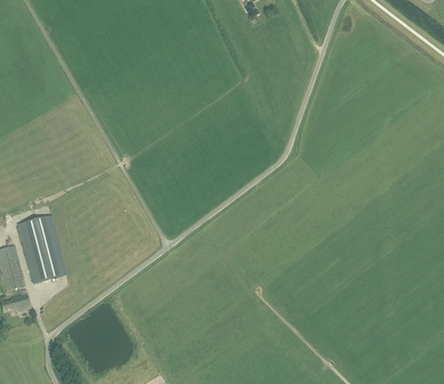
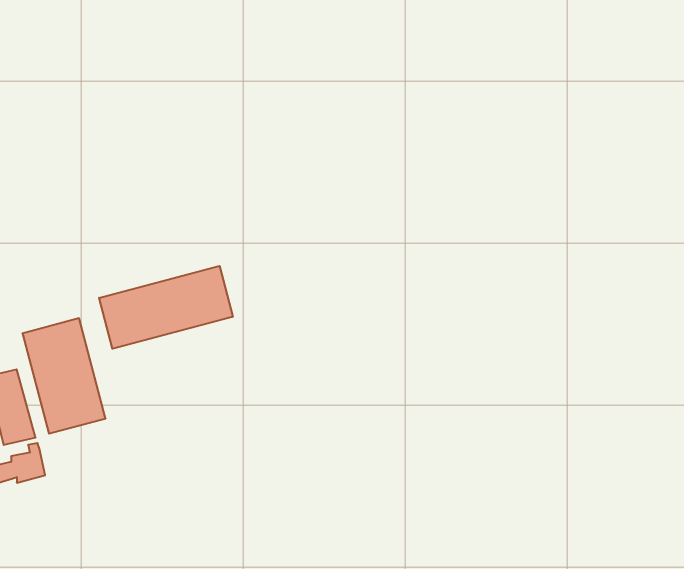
building: none -> [99,266,233,349]

